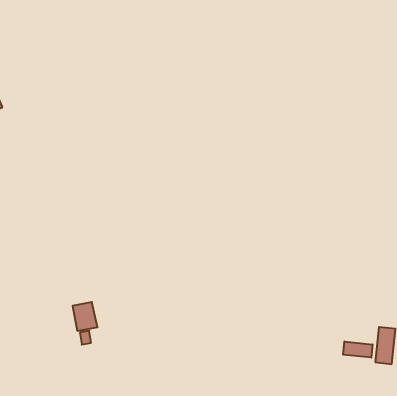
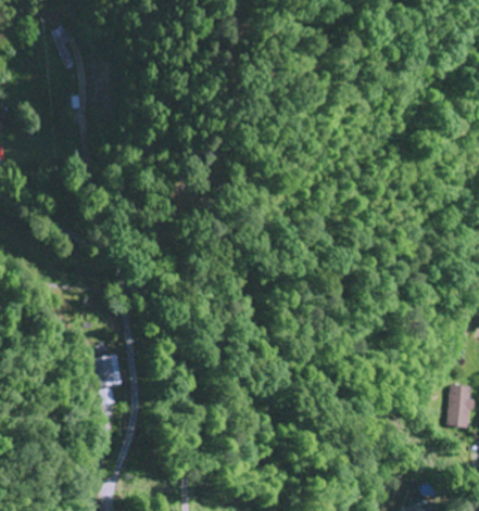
building: [343,341,373,358] -> none

